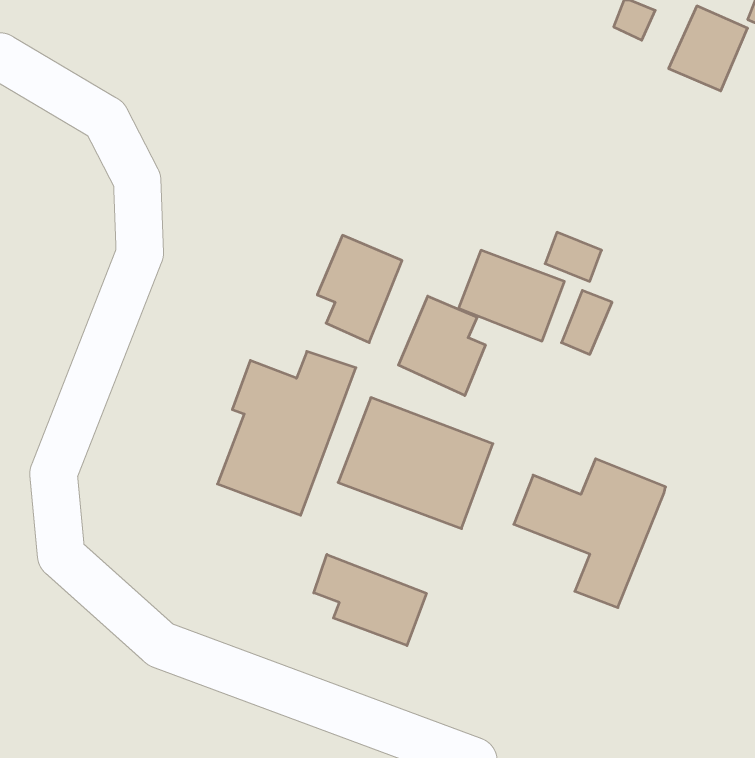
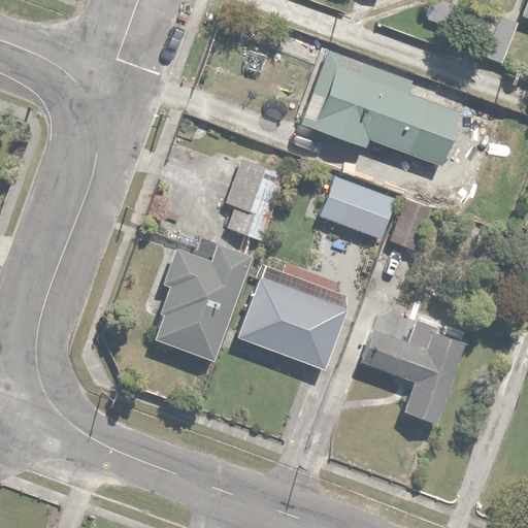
building: none -> [299,51,462,166]
building: [398,296,485,396] -> none
building: [314,554,426,646] -> none

